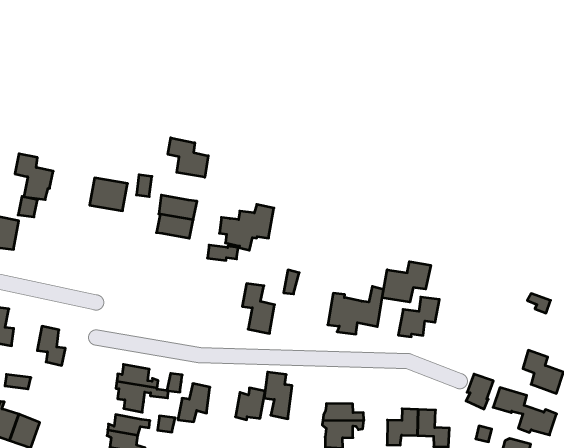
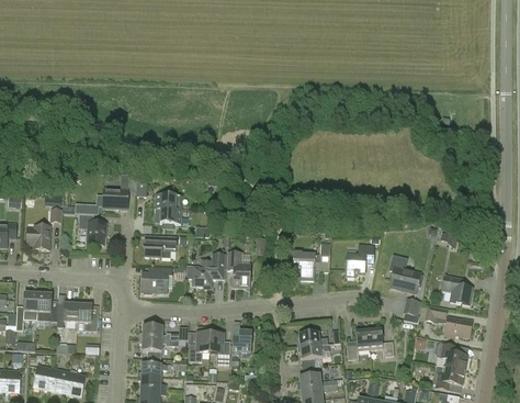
building: [168,138,208,177] -> none
building: [15,154,53,200] -> [78,212,106,244]
building: [219,204,274,250] -> [186,253,225,288]
building: none -> [143,234,176,257]
building: [382,262,431,302] -> none
building: none -> [142,266,171,292]
building: none -> [57,299,78,326]
building: none -> [389,257,420,292]
building: [264,372,292,419] -> [210,333,229,366]

